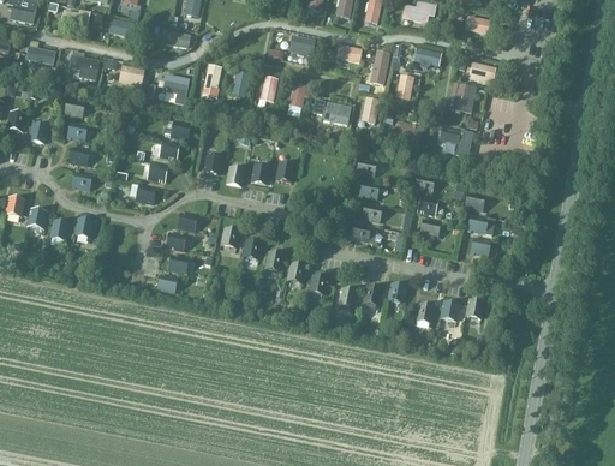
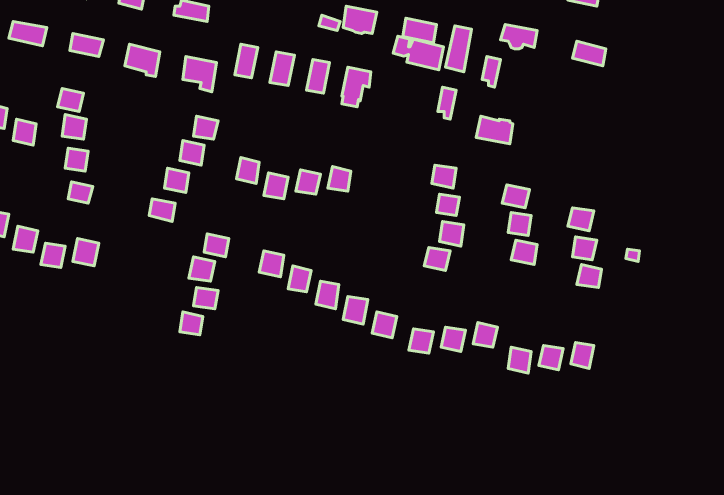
building: [447,83,476,114] -> none
building: [311,100,351,126] -> [393,36,444,70]
building: [438,127,472,157] -> none

